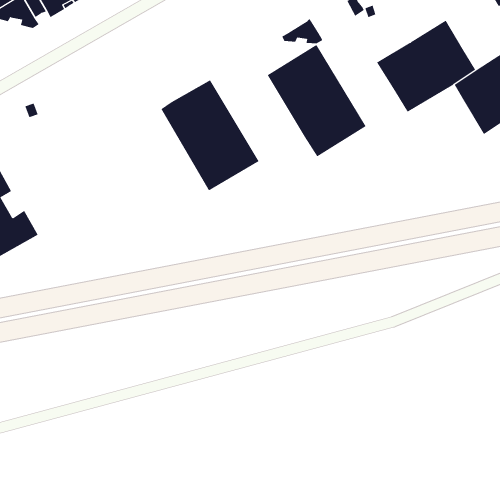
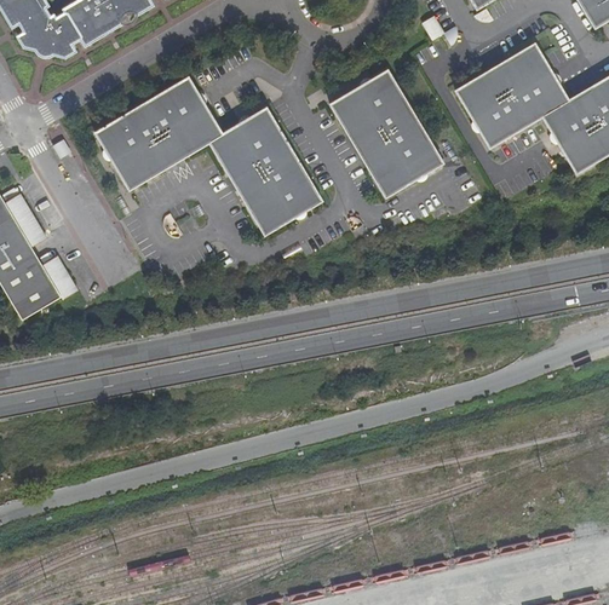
building: [281,18,323,44] -> none
building: none -> [94,79,222,192]

